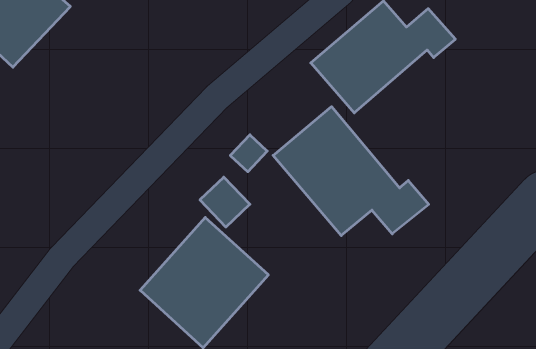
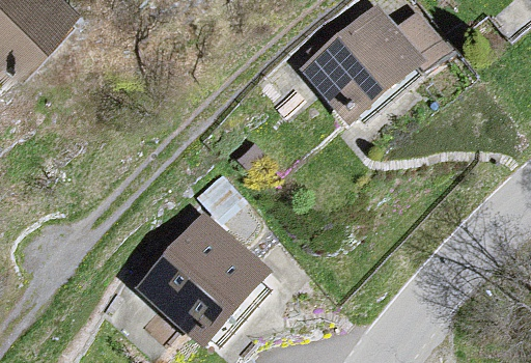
building: [273,107,429,236] -> none

